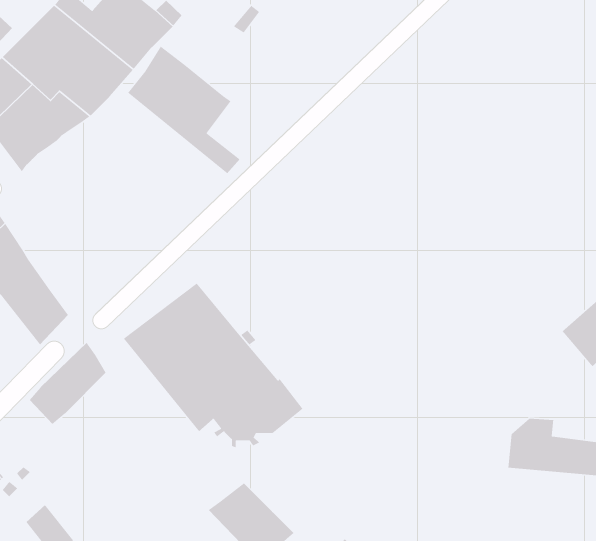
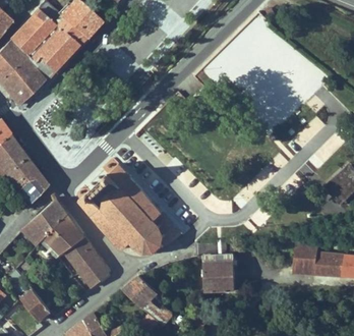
building: [127,46,240,174] -> none
building: none -> [44,216,106,289]
building: none -> [201,254,237,292]

